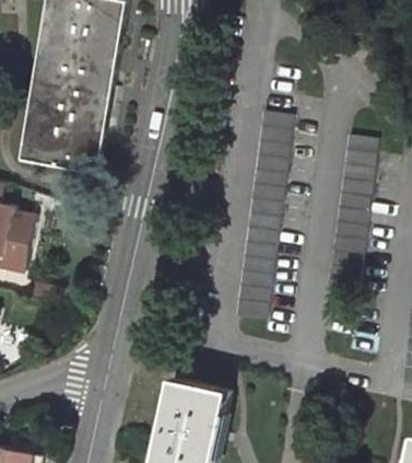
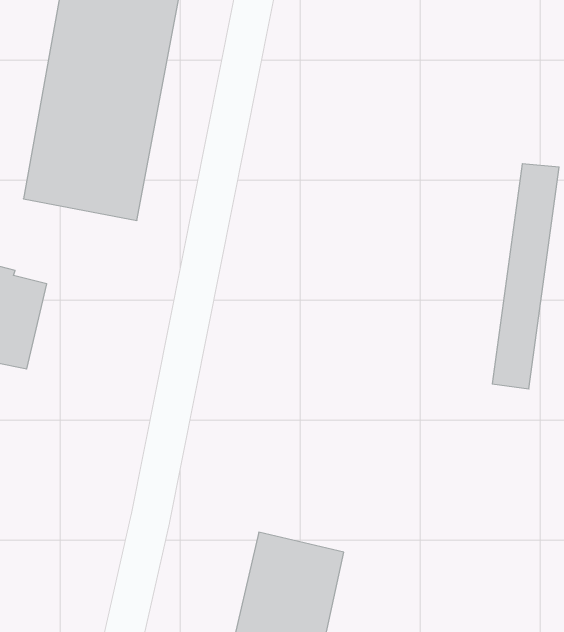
building: [234,114,289,320] -> none

